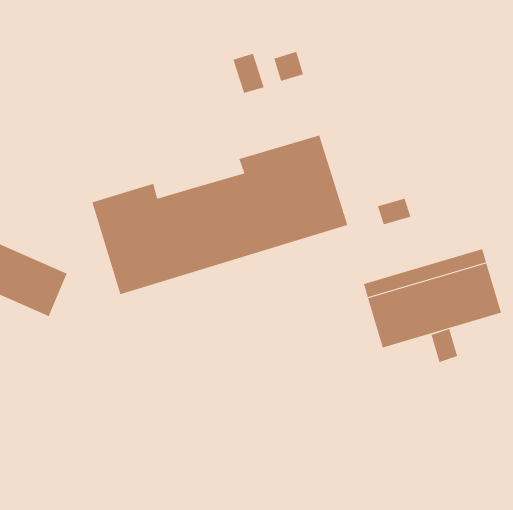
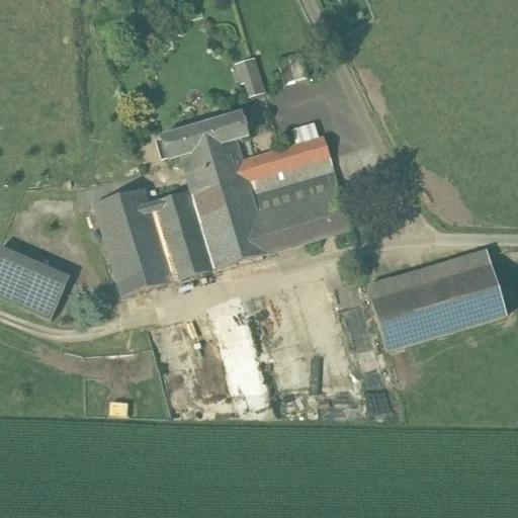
building: none -> [159,111,247,190]
building: [377,198,411,225] -> none
building: [431,328,458,363] -> none

